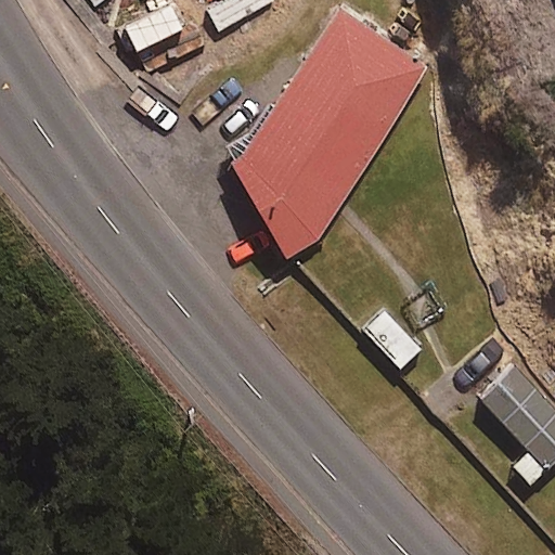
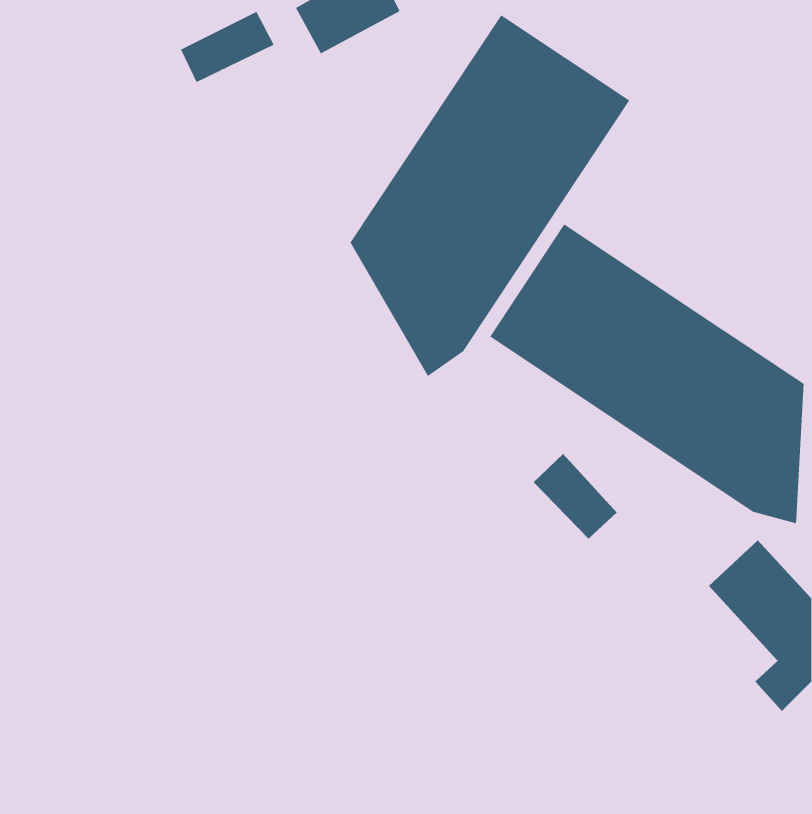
building: none -> [489,224,804,524]

